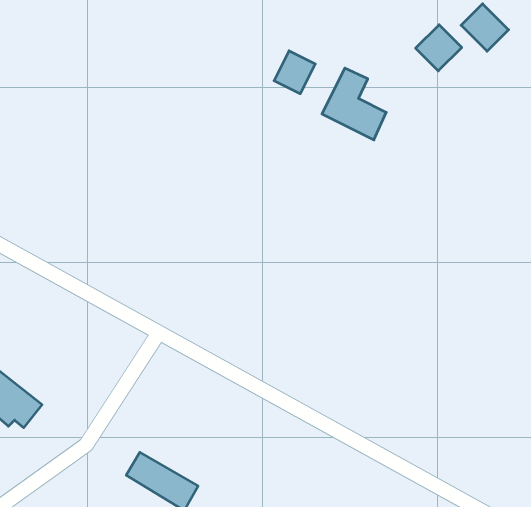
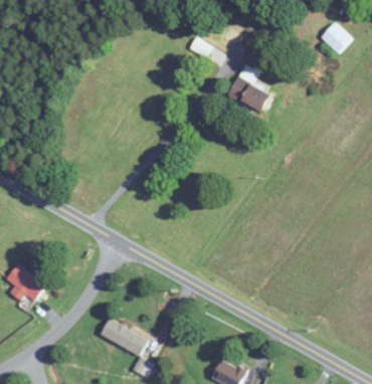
building: [416,25,462,71] -> none
building: [274,51,315,94] -> none

